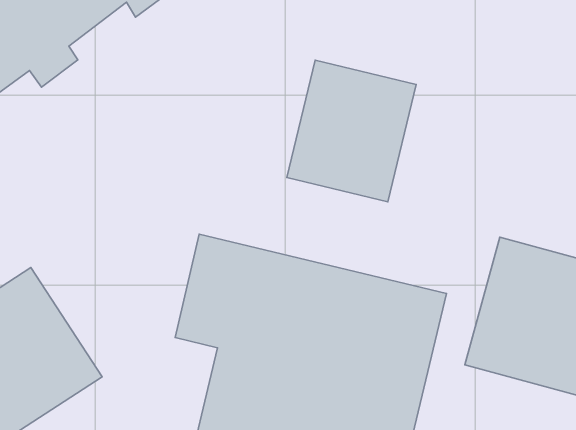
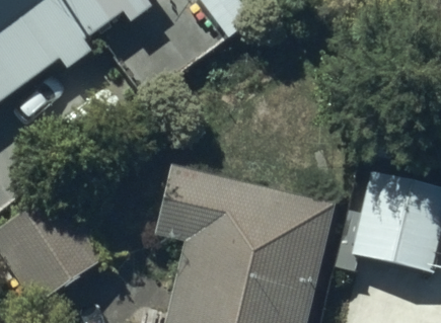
building: [287,60,416,202] -> none

